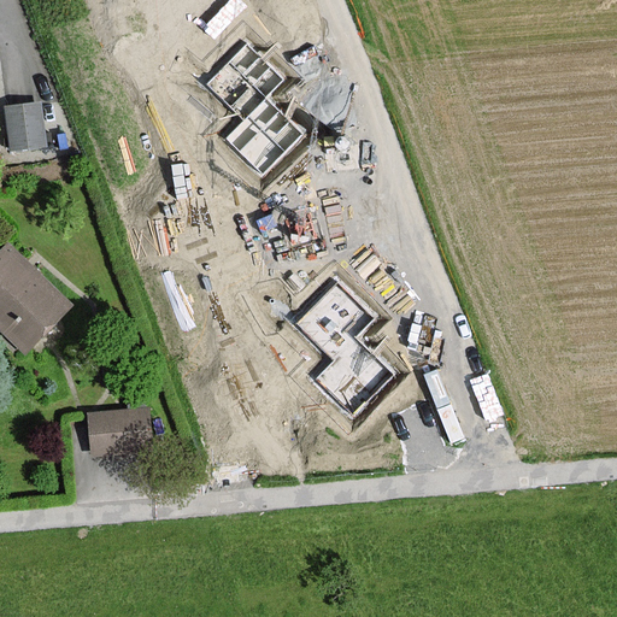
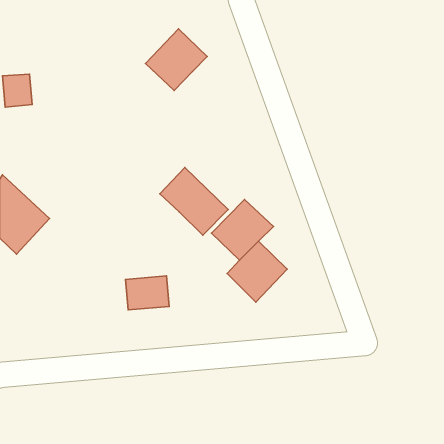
building: [223,99,307,182] -> none
building: none -> [160,167,228,235]
building: [89,409,149,456] -> [126,276,169,310]

